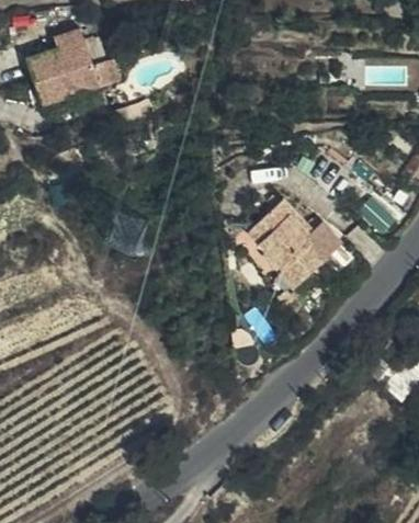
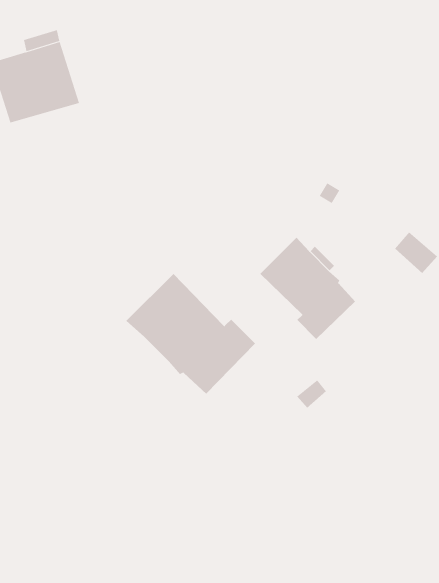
building: none -> [126,273,256,395]

